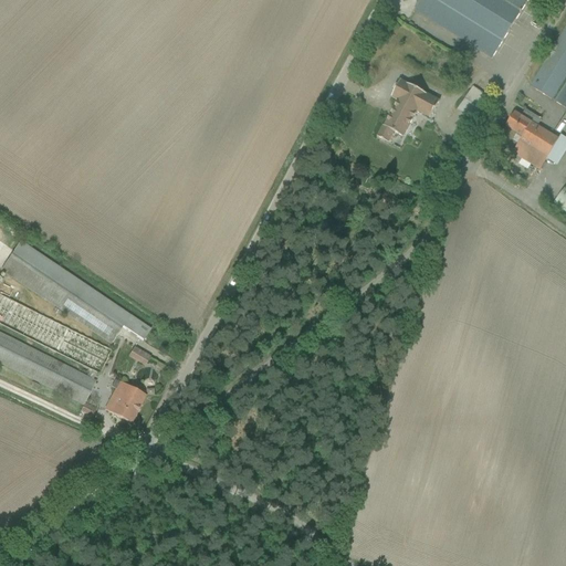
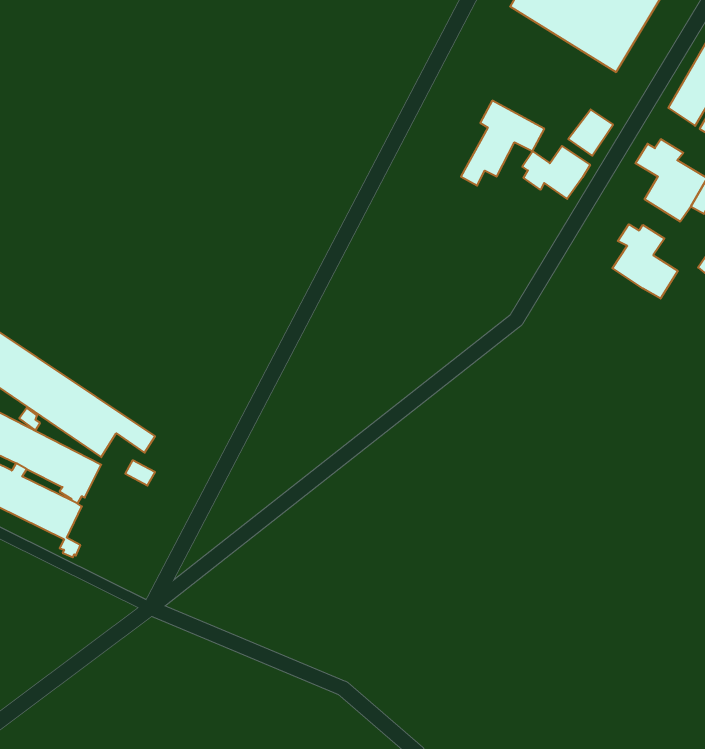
building: none -> [522,146,590,199]
building: none -> [612,224,678,299]
building: [104,378,145,421] -> none

